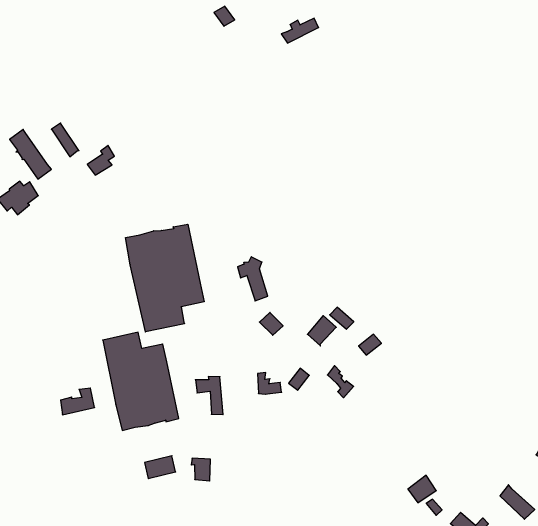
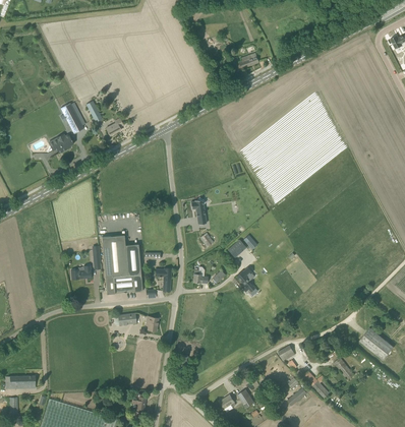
building: [126,224,204,332] -> none

